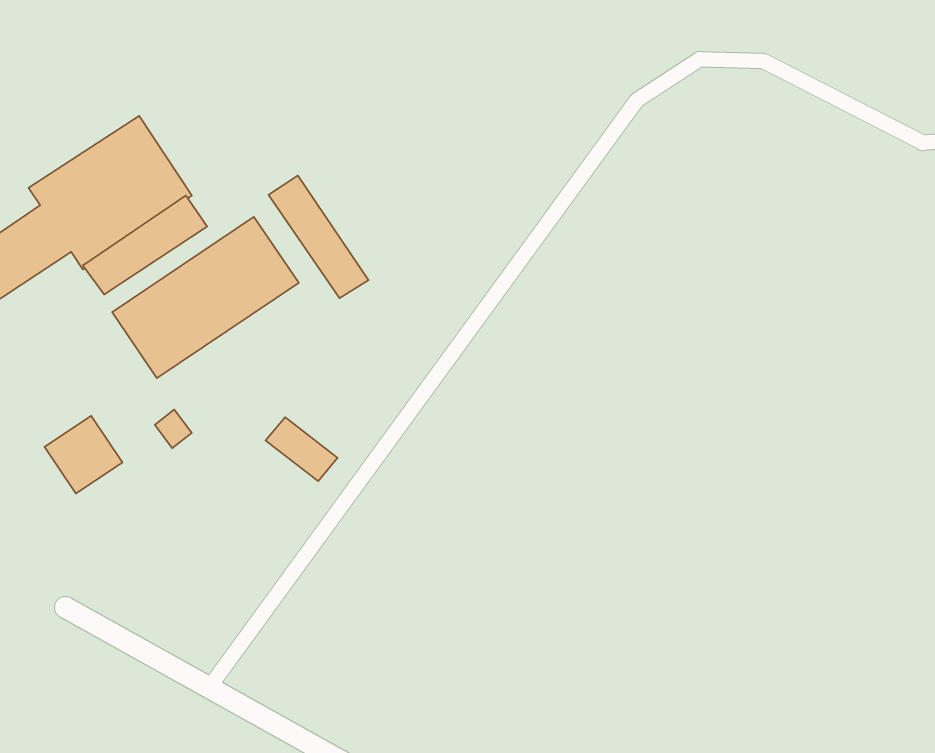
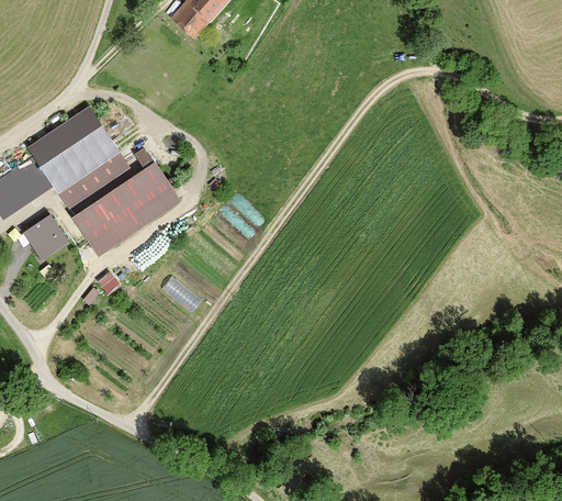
building: [268,175,368,298] -> none
building: [45,416,122,494] -> [24,215,68,259]

